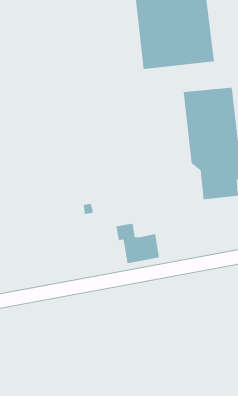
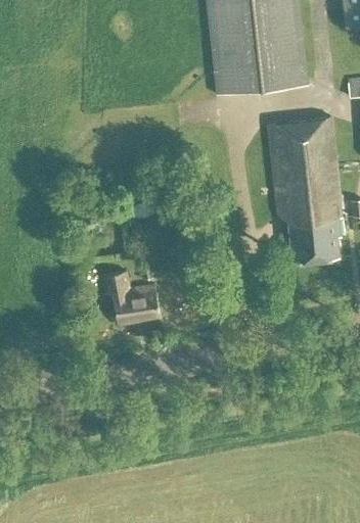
building: [116,223,160,264] -> [103,271,160,323]

